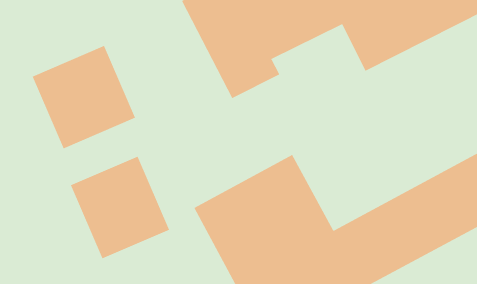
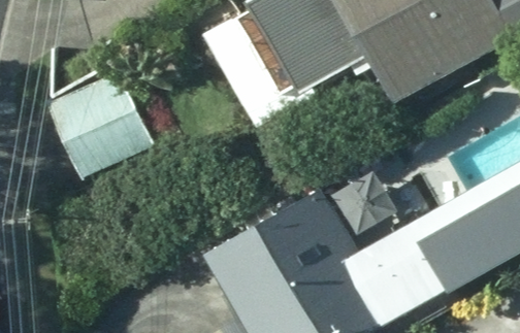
building: [70,156,170,259] -> none

